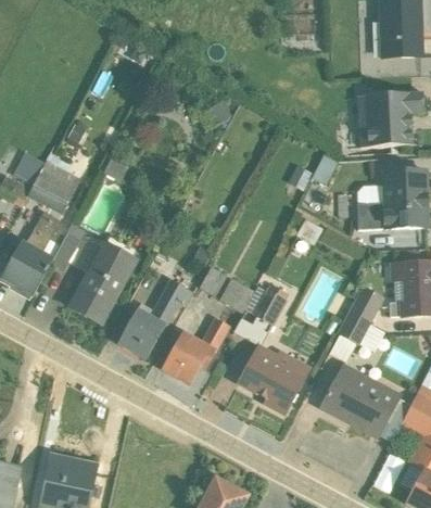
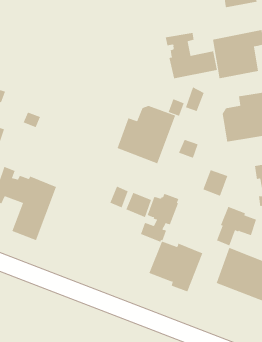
building: none -> [165,32,217,79]
building: none -> [117,105,176,164]
building: [118,258,200,358] -> none
building: [350,287,384,322] -> [202,170,228,197]
building: [163,317,230,383] -> none

